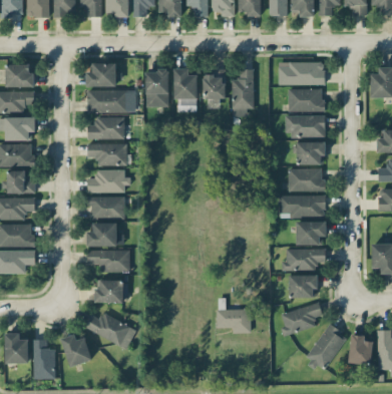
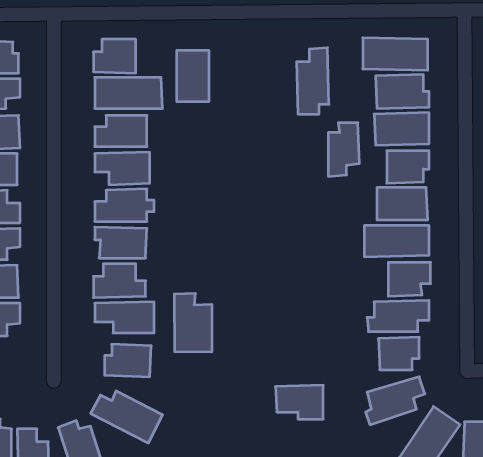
building: [173,69,197,99] -> none
building: [204,69,226,107] -> [328,123,359,176]
building: none -> [174,293,212,352]

